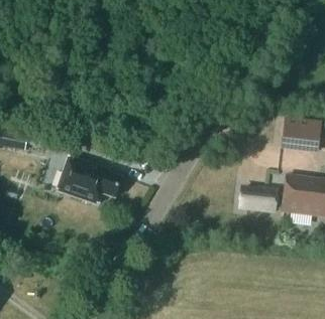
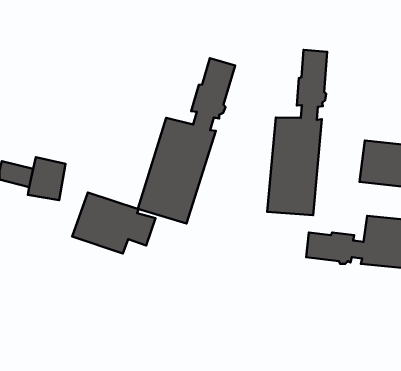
building: none -> [267,50,327,215]
building: none -> [138,58,235,223]

